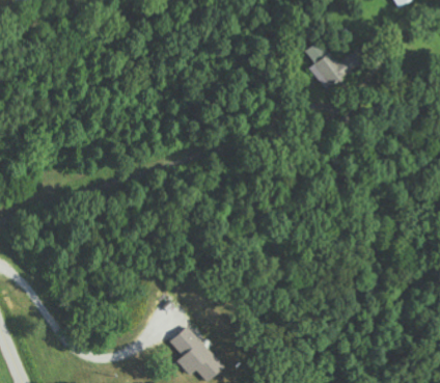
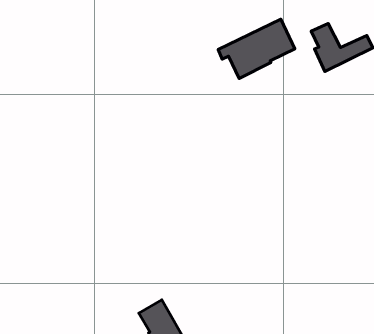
building: none -> [218,19,295,78]

